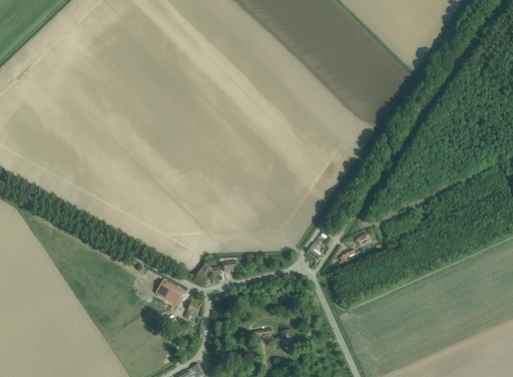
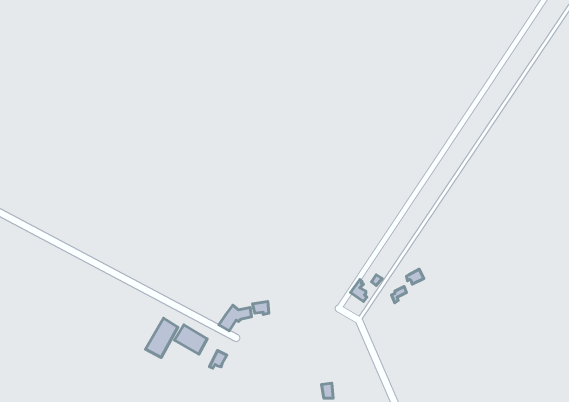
building: none -> [146,318,178,357]

